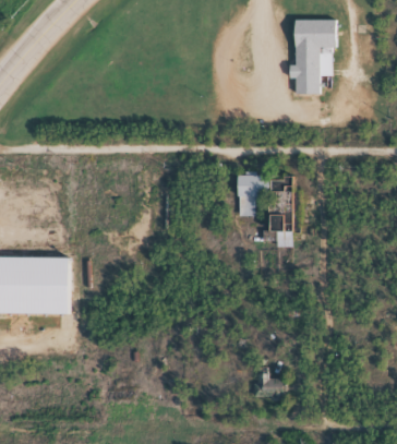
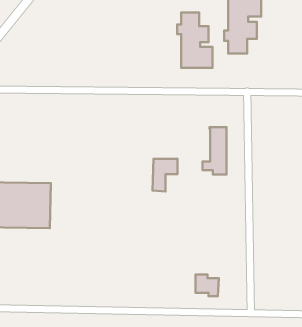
building: none -> [177,13,212,68]
building: [237,175,268,216] -> [153,159,178,191]

